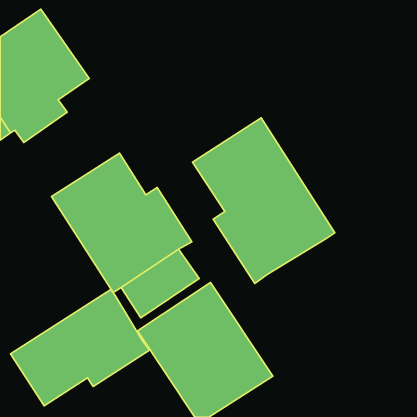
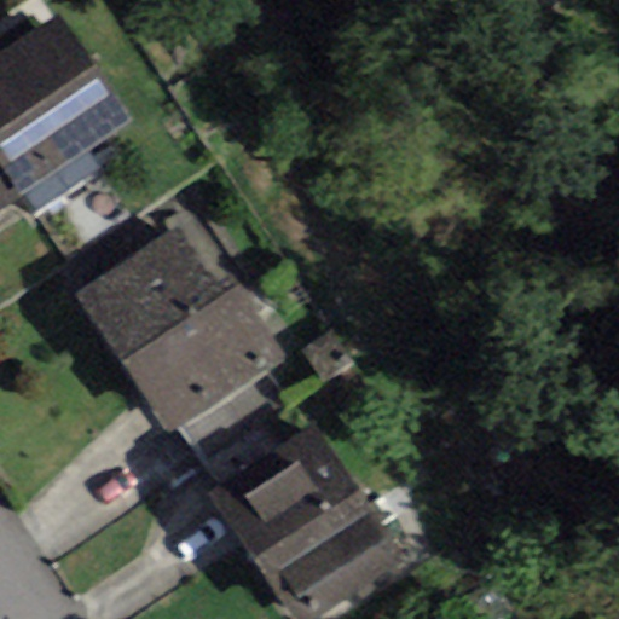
building: [192,118,335,284] -> none
building: [11,289,149,406] -> none

